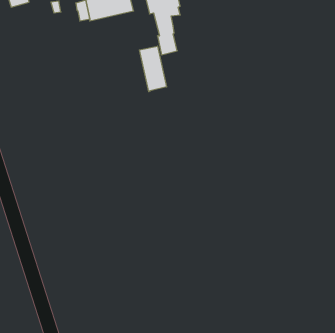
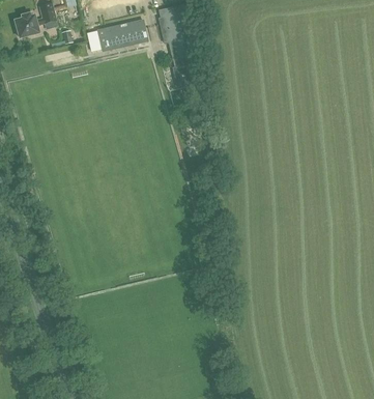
building: [139,46,167,92] -> none

